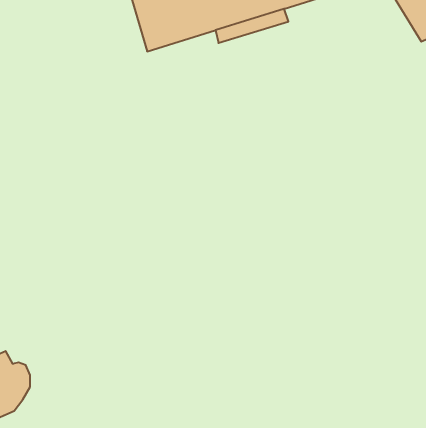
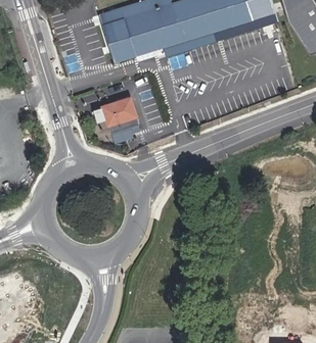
building: none -> [97,97,138,134]

